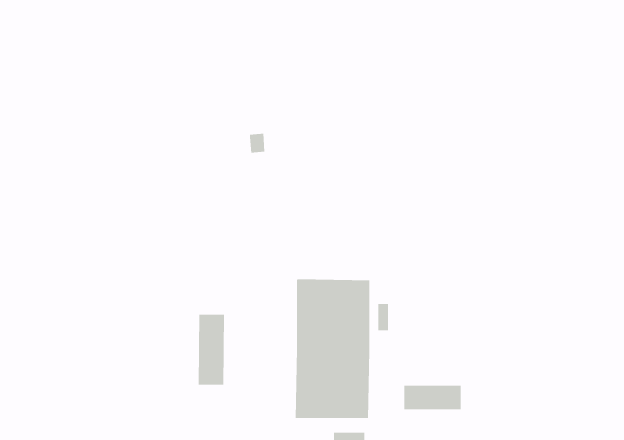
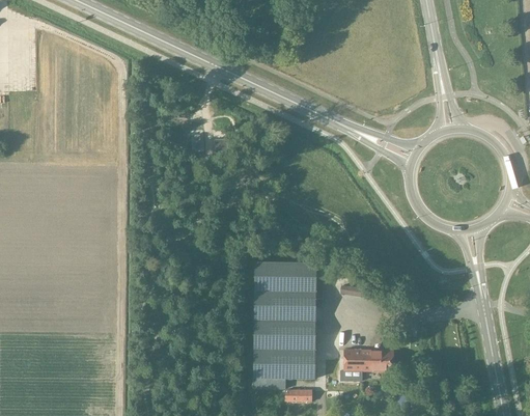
building: [198,314,225,386] -> none

